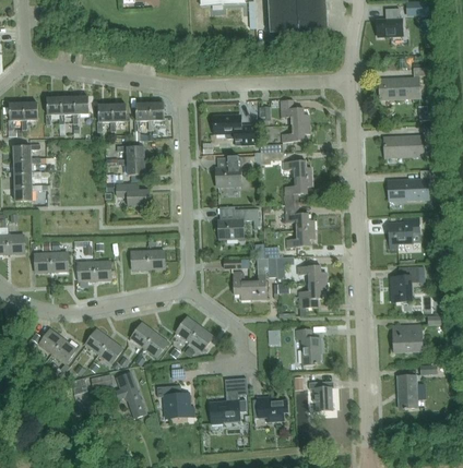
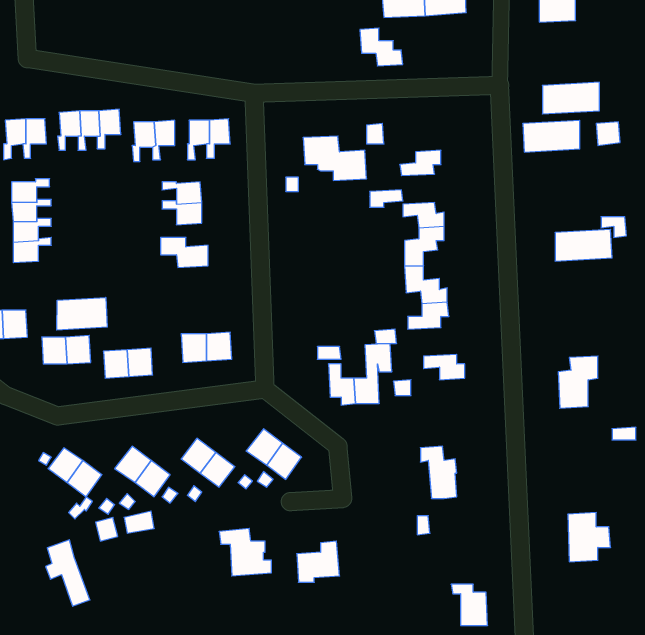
building: [281,99,310,125] -> [360,28,403,66]
building: [384,135,424,157] -> [523,120,580,152]
building: [217,156,257,188] -> none
building: [219,208,260,240] -> none
building: [389,218,420,248] -> none
building: none -> [57,297,107,330]
building: [299,281,328,308] -> none
building: [393,325,423,351] -> none
building: [116,372,146,418] -> [46,540,90,606]
building: [309,382,334,410] -> [451,584,488,625]
building: [257,397,288,421] -> none

